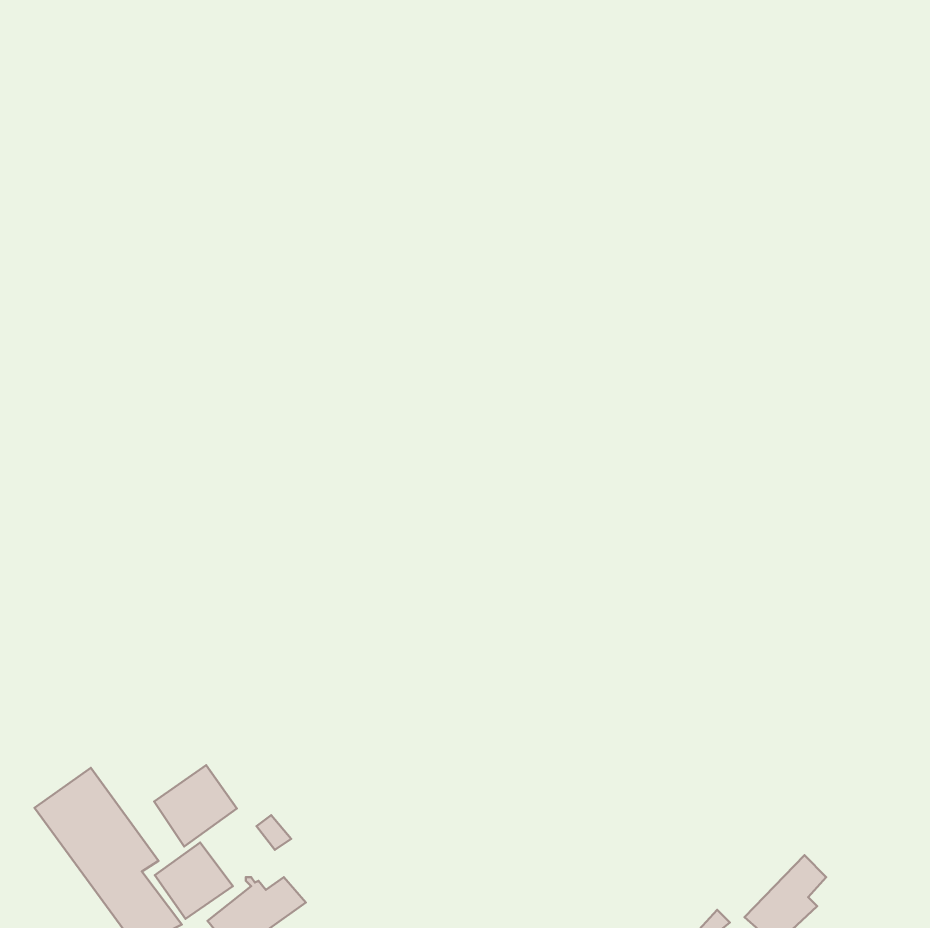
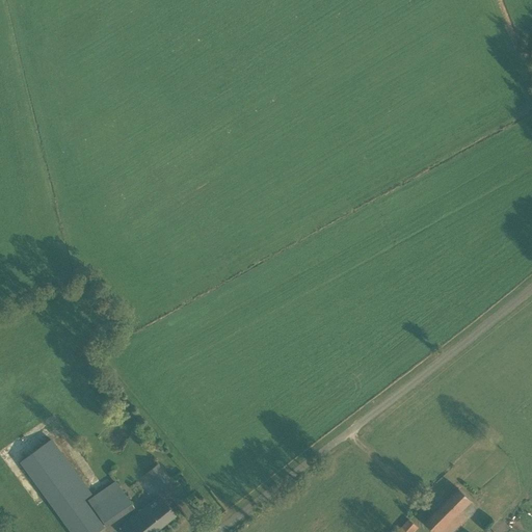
building: [154,765,237,847] -> none

